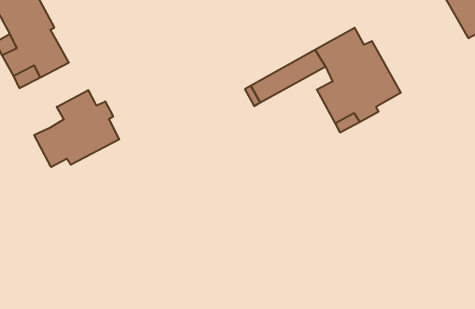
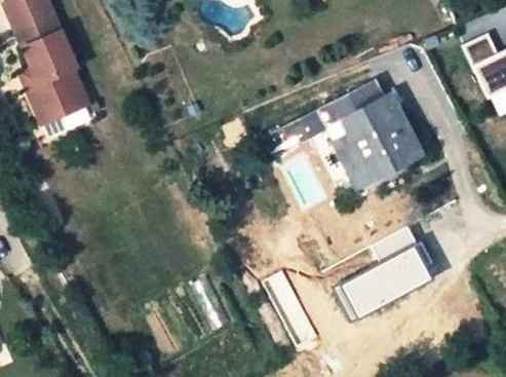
building: [34,90,119,167] -> none
building: none -> [344,227,433,318]

